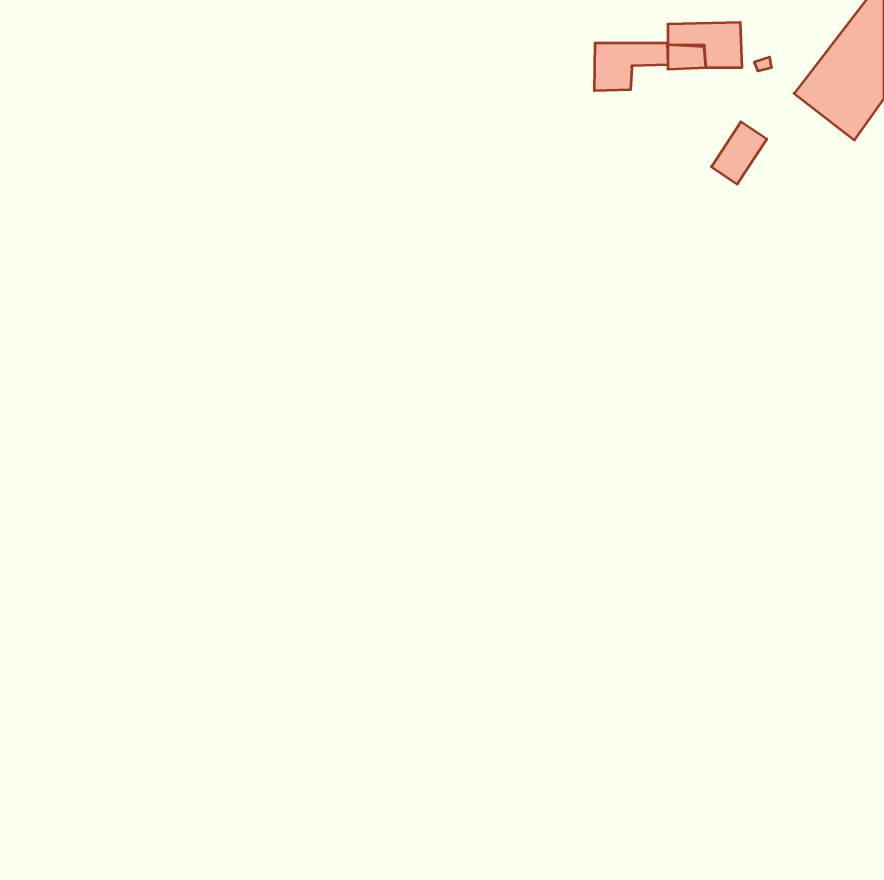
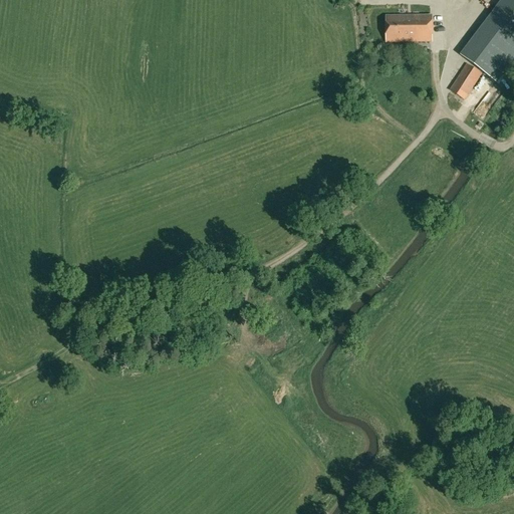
building: [594,43,668,91] -> none
building: [711,122,767,184] -> [450,62,482,98]

